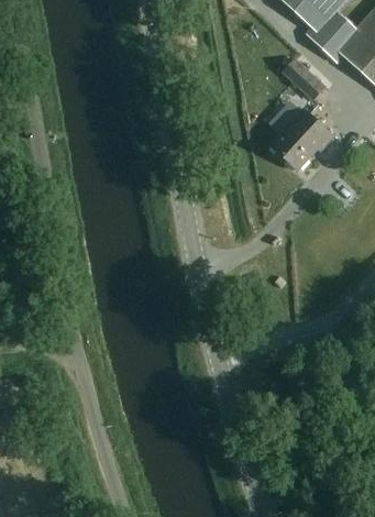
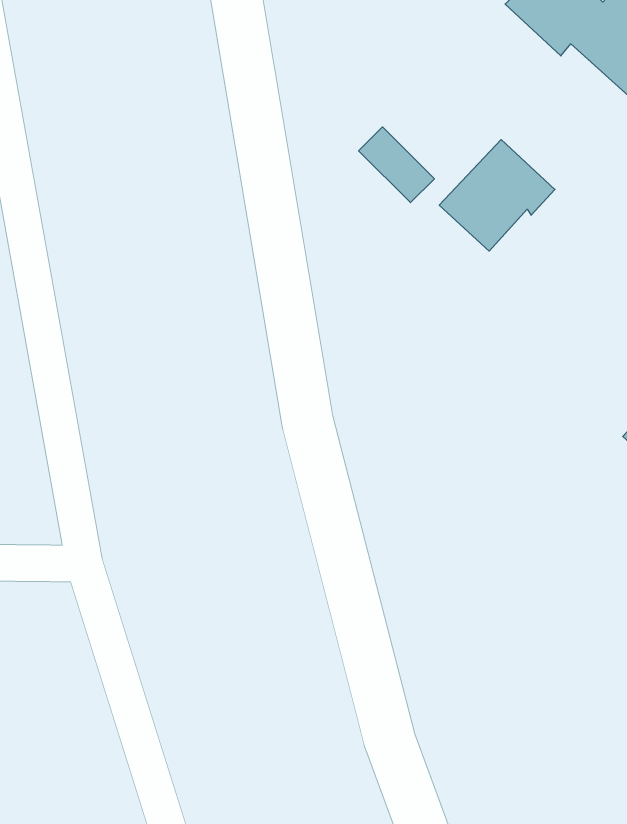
building: [284,58,326,100] -> [359,127,434,203]

